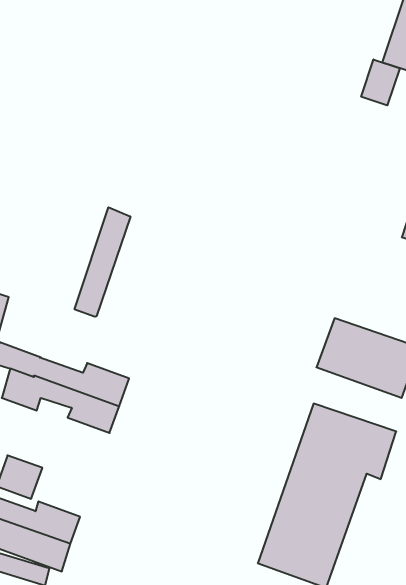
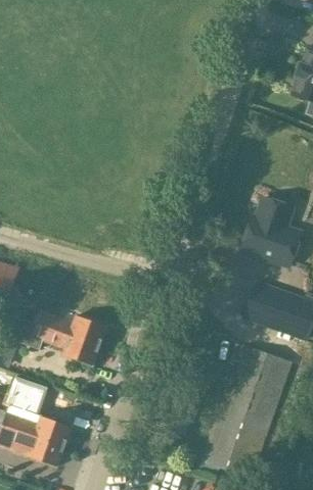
building: [361,59,400,105] -> none
building: none -> [241,197,300,264]
building: [75,207,130,317] -> none

